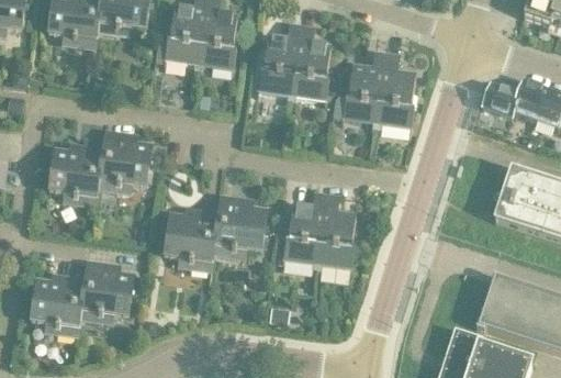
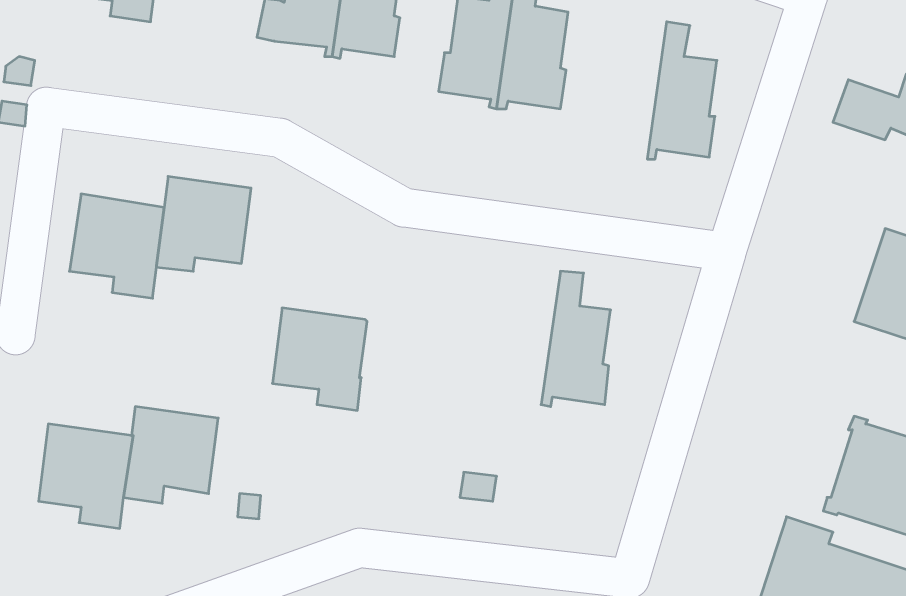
building: [333,48,388,127] -> none
building: [278,189,327,267] -> none
building: [213,200,269,255] -> none

